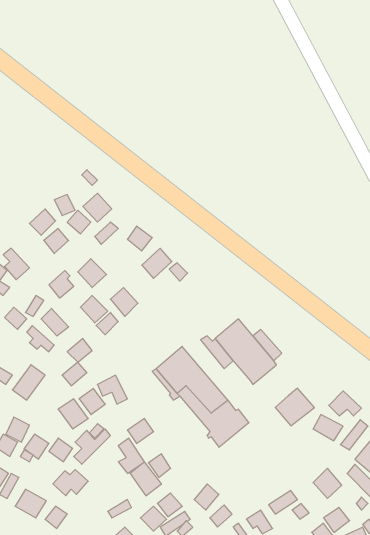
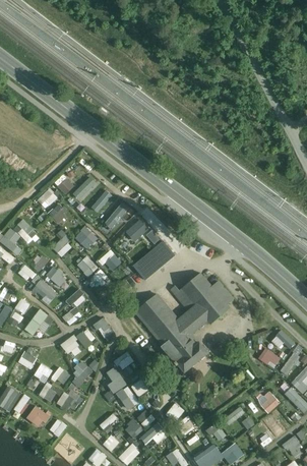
building: none -> [134,242,175,281]
building: [275,388,314,426] -> [179,306,209,336]

